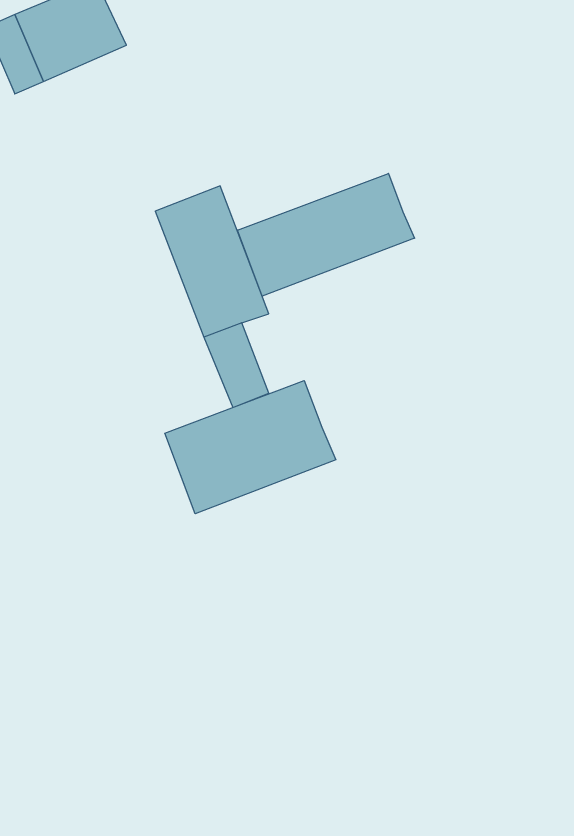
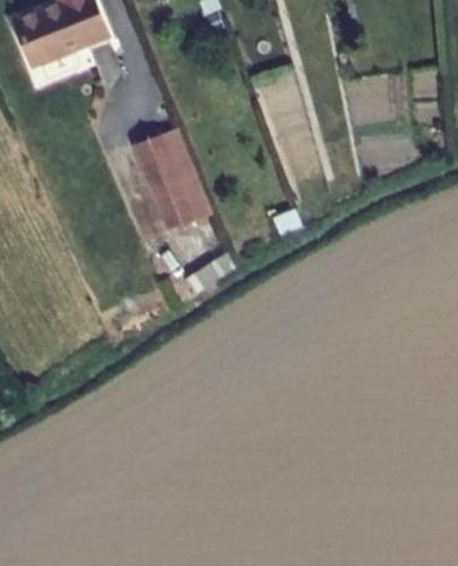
building: [238,173,415,296] -> none
building: [165,381,336,514] -> none

